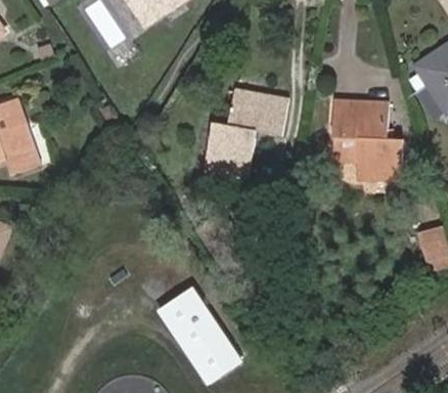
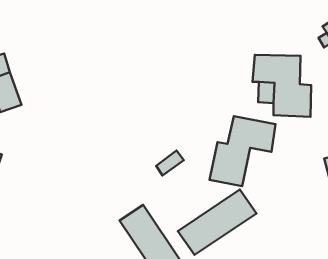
building: [205,91,287,179] -> [209,116,276,186]
building: none -> [178,189,256,255]

